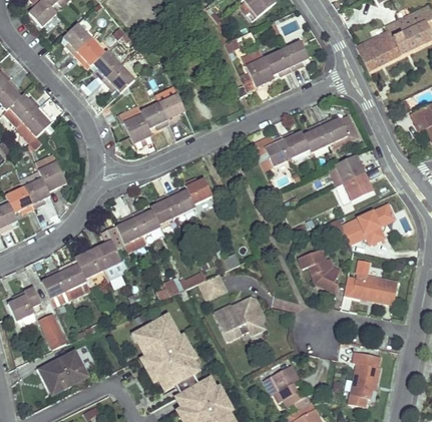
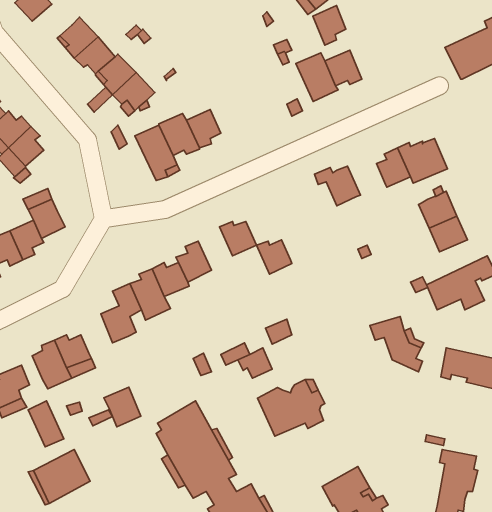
building: [284,40,309,70] -> [313,5,346,45]
building: [282,132,311,158] -> none
building: [168,189,195,216] -> [256,240,292,274]
building: [75,249,103,279] -> [104,387,141,427]

